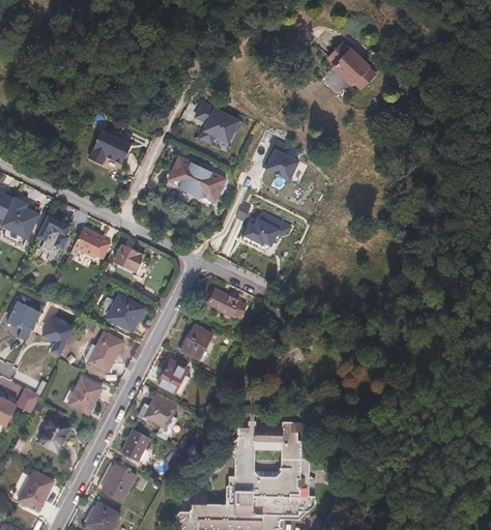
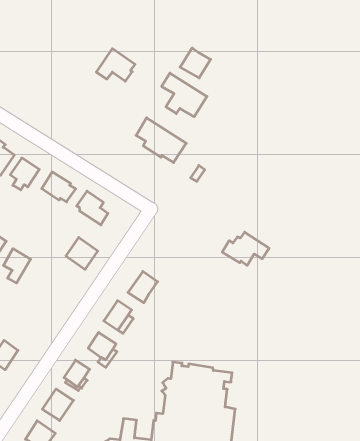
building: [328,42,376,88] -> none
building: none -> [180,48,211,78]
building: [89,126,131,160] -> [96,49,135,81]
building: [264,139,298,182] -> none
building: [241,212,292,248] -> [222,232,269,265]
building: [207,289,248,319] -> none
building: [89,332,122,371] -> none
building: [69,378,103,413] -> none

